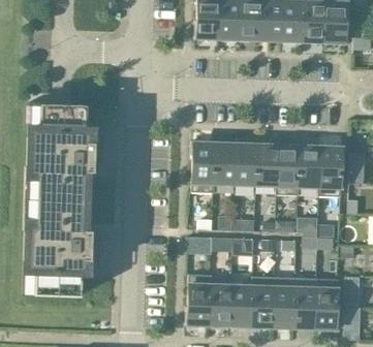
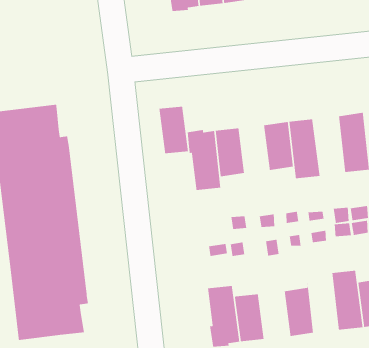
building: [236,145,257,185] -> [159,106,189,154]
building: [299,147,321,196] -> none
building: [273,278,296,327] -> none
building: [230,286,253,326] -> none

